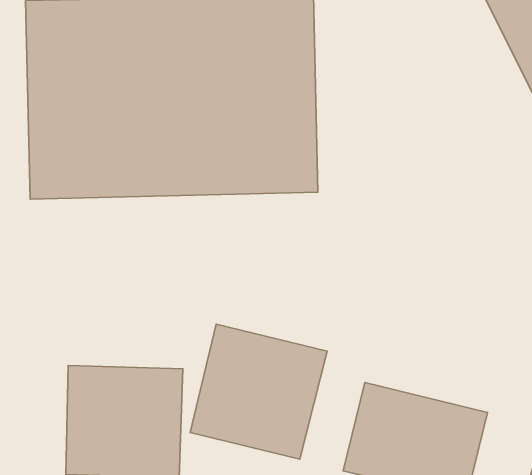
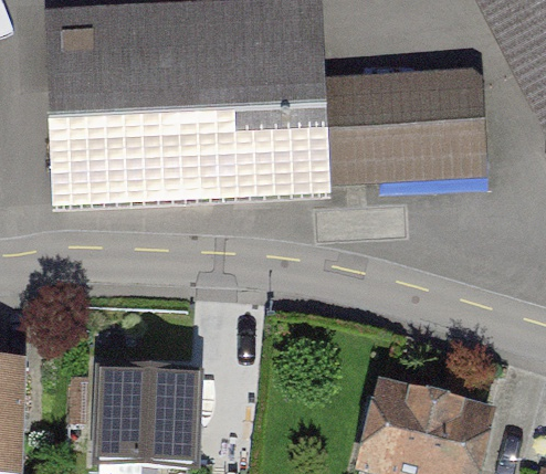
building: none -> [330,60,494,180]
building: [190,324,327,459] -> none

